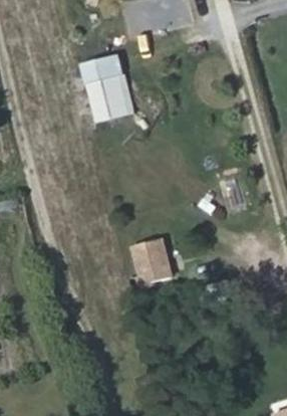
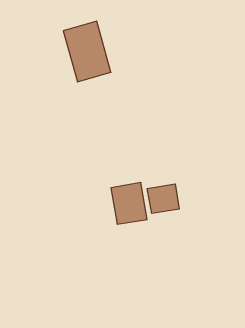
building: none -> [147,184,179,213]

